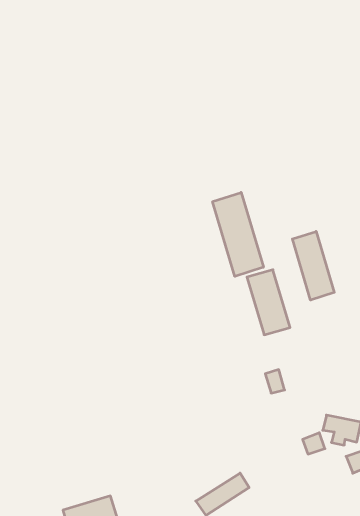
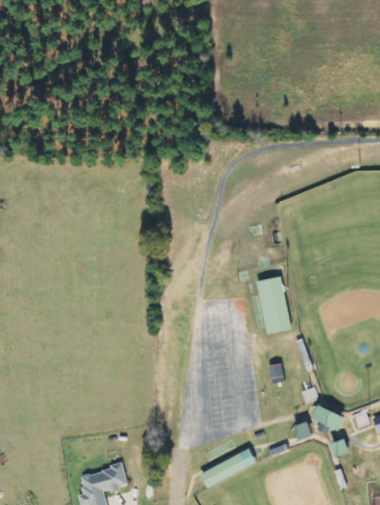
building: [213,192,263,276] -> none
building: [292,231,334,300] -> none

